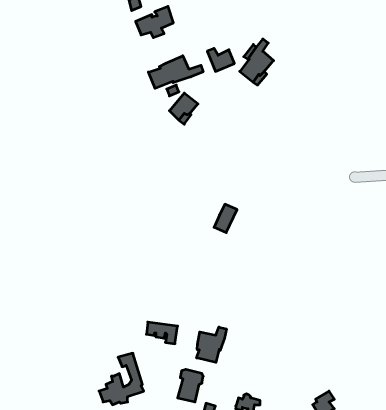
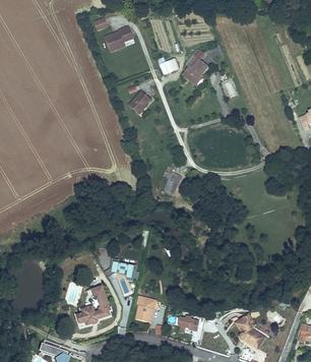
building: [148,56,203,88] -> none
building: [197,327,226,362] -> none

